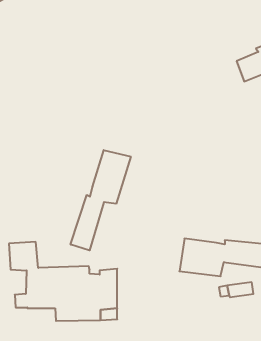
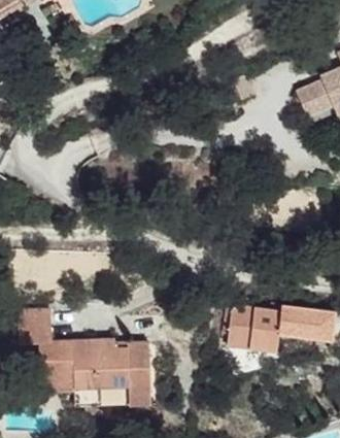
building: [71,150,131,250] -> none

